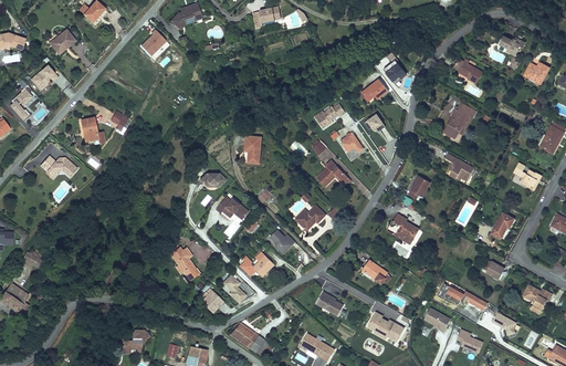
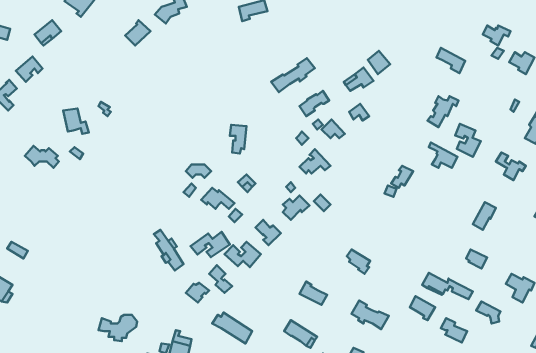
building: none -> [271,58,315,92]
building: none -> [455,124,481,157]
building: [390,213,418,244] -> none
building: none -> [190,232,230,257]

